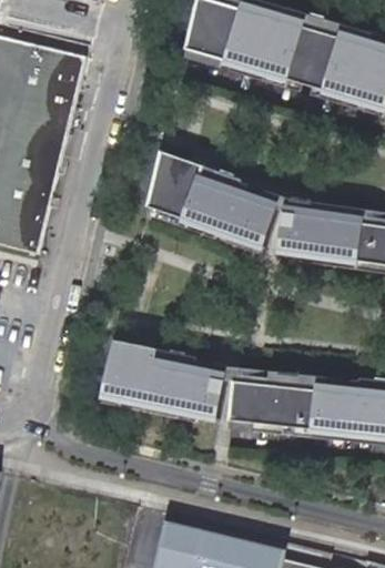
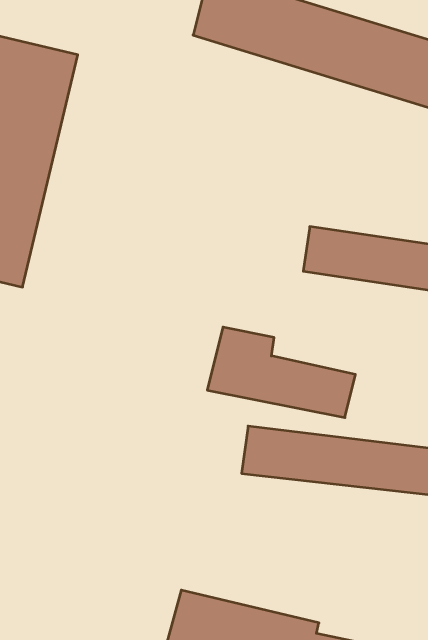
building: [142,146,272,243] -> none
building: [94,337,220,414] -> [207,327,355,418]

